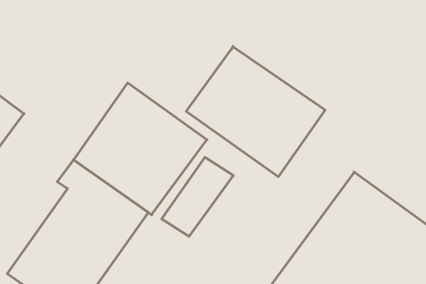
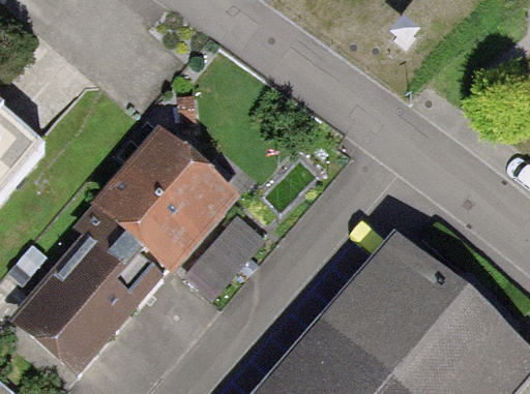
building: [186,46,325,177] -> none

